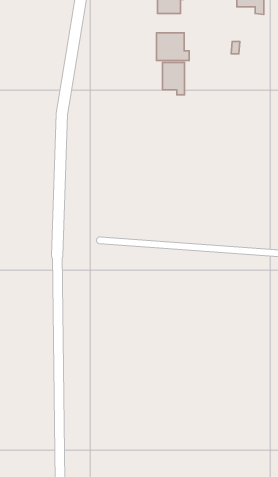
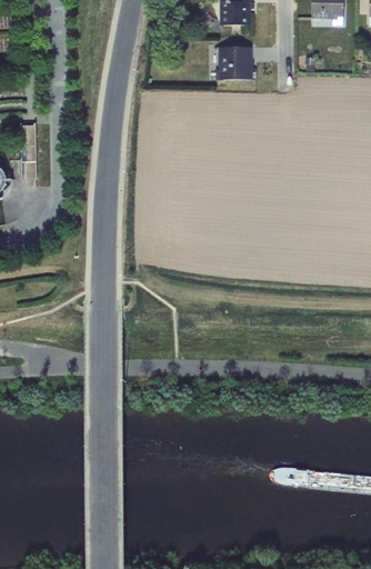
building: [163,62,185,95] -> none

